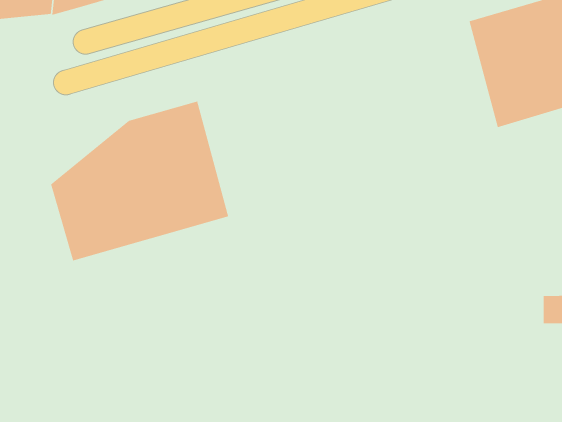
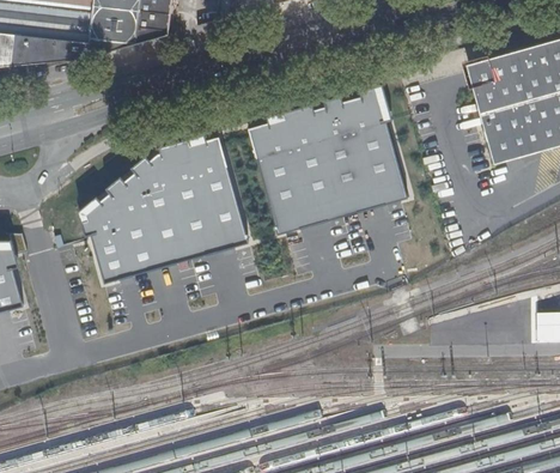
building: none -> [246,89,408,234]

